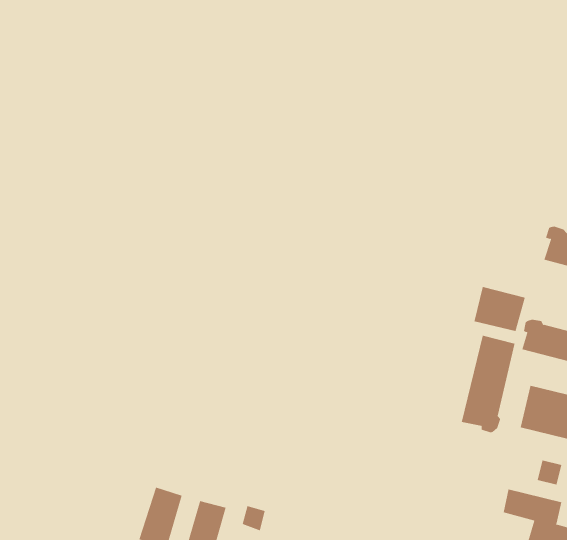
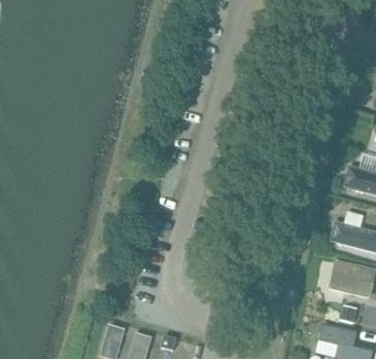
building: [474,286,525,332] -> none
building: [461,335,515,433] -> none

